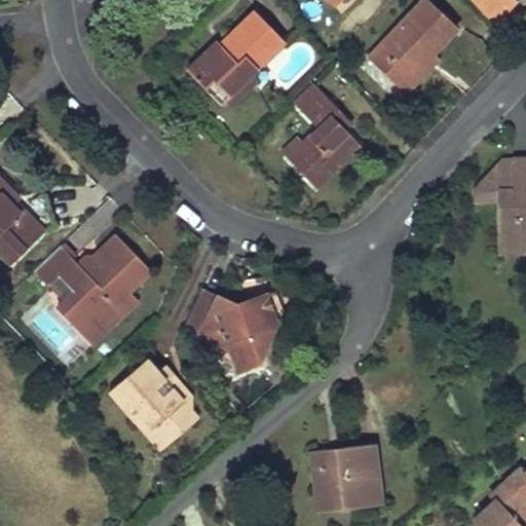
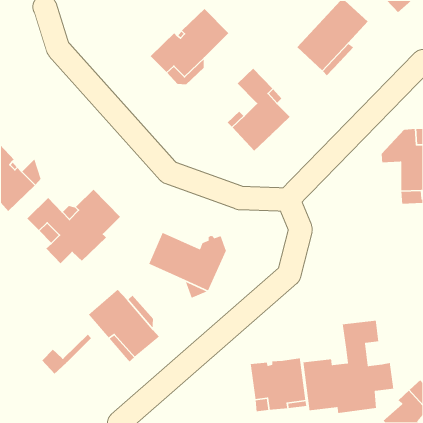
building: [75,295,138,345] -> [41,334,92,375]
building: none -> [302,320,394,414]

